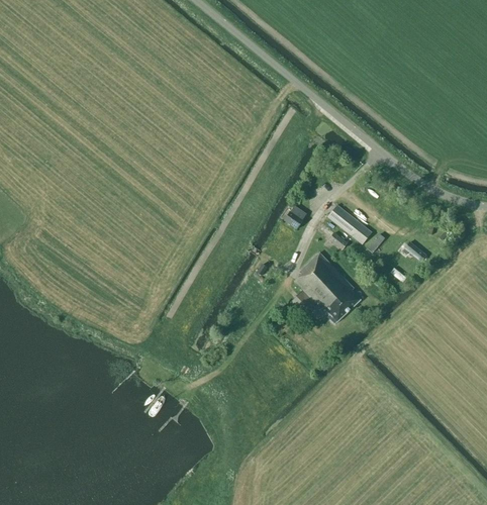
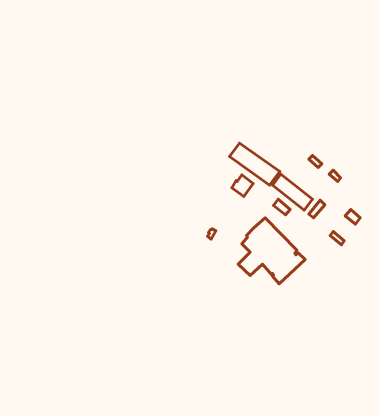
building: none -> [229,143,280,185]

